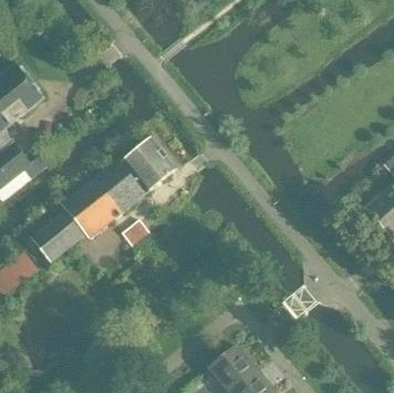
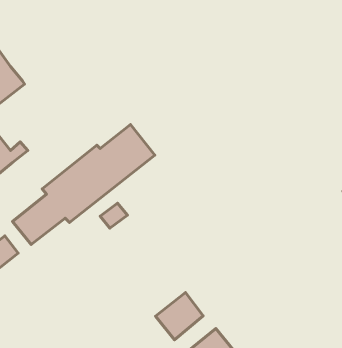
building: none -> [156,293,203,340]

